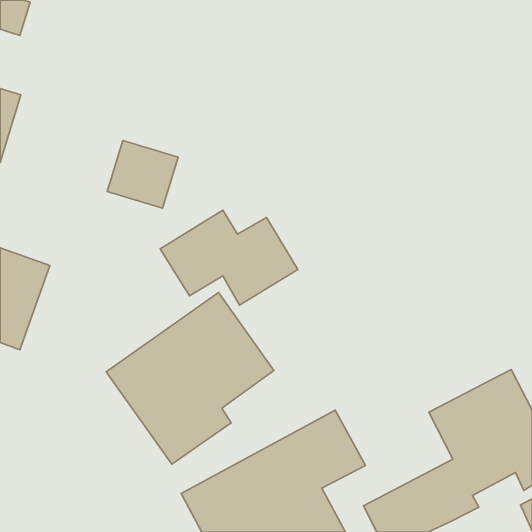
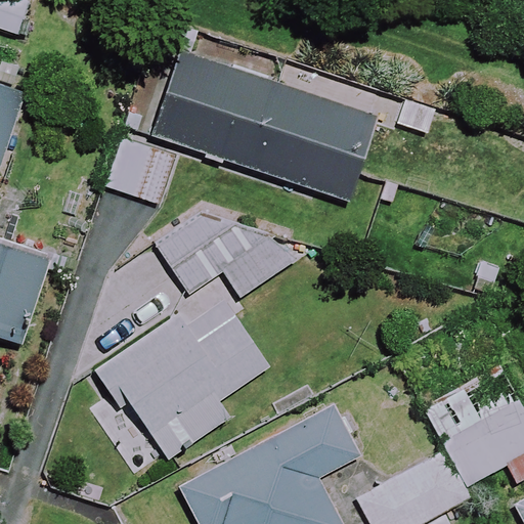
building: none -> [155,55,377,202]

